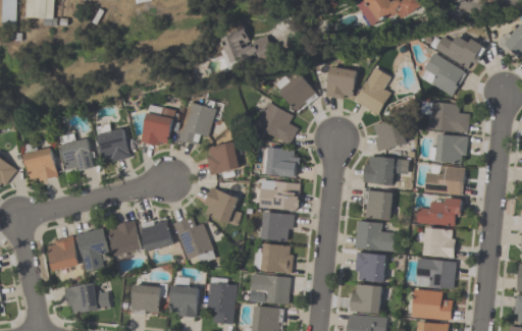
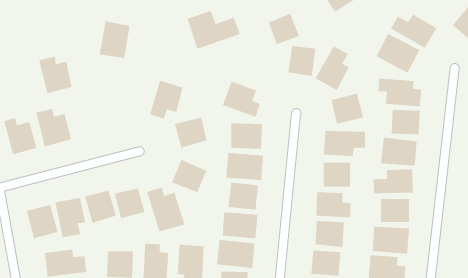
building: [280,74,315,109] -> [268,13,300,45]
building: [141,105,174,146] -> [99,21,130,59]
building: [94,123,130,164] -> [38,56,73,94]

